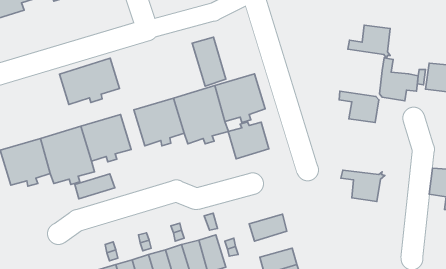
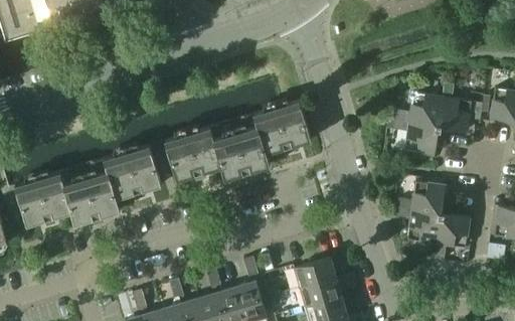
building: [348,25,390,58] -> [394,93,442,130]
building: [192,37,226,86] -> none
building: [60,58,120,104] -> none
building: [228,122,269,159] -> none
building: none -> [397,181,445,213]
building: [75,174,115,199] -> none
building: none -> [434,214,470,259]
building: none -> [299,277,341,306]

